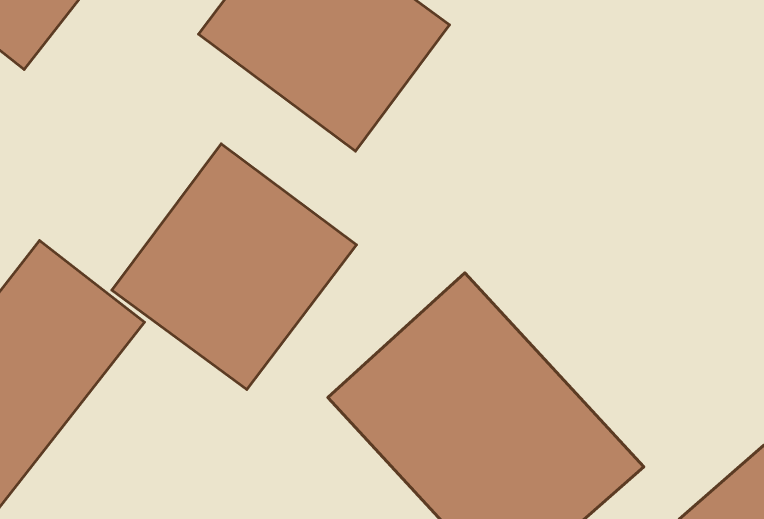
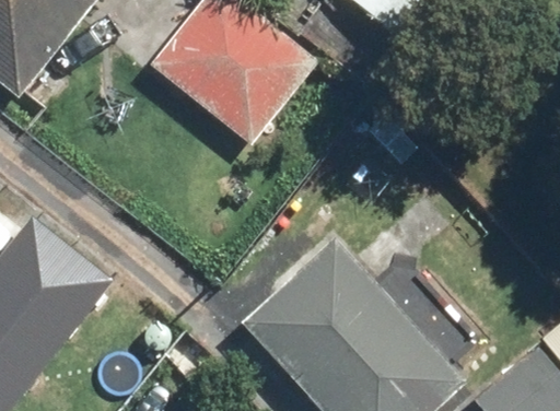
building: [112,144,357,390] -> none

